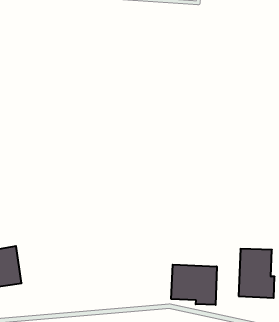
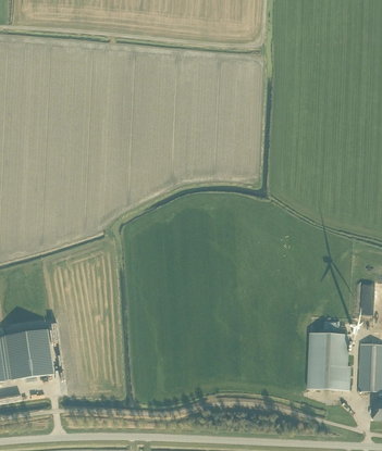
building: [171,265,217,305] -> none

